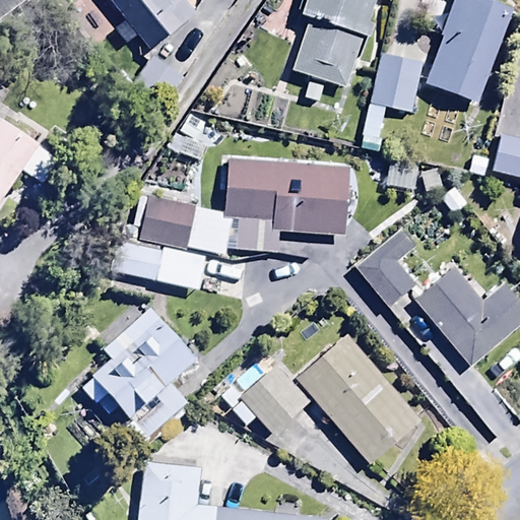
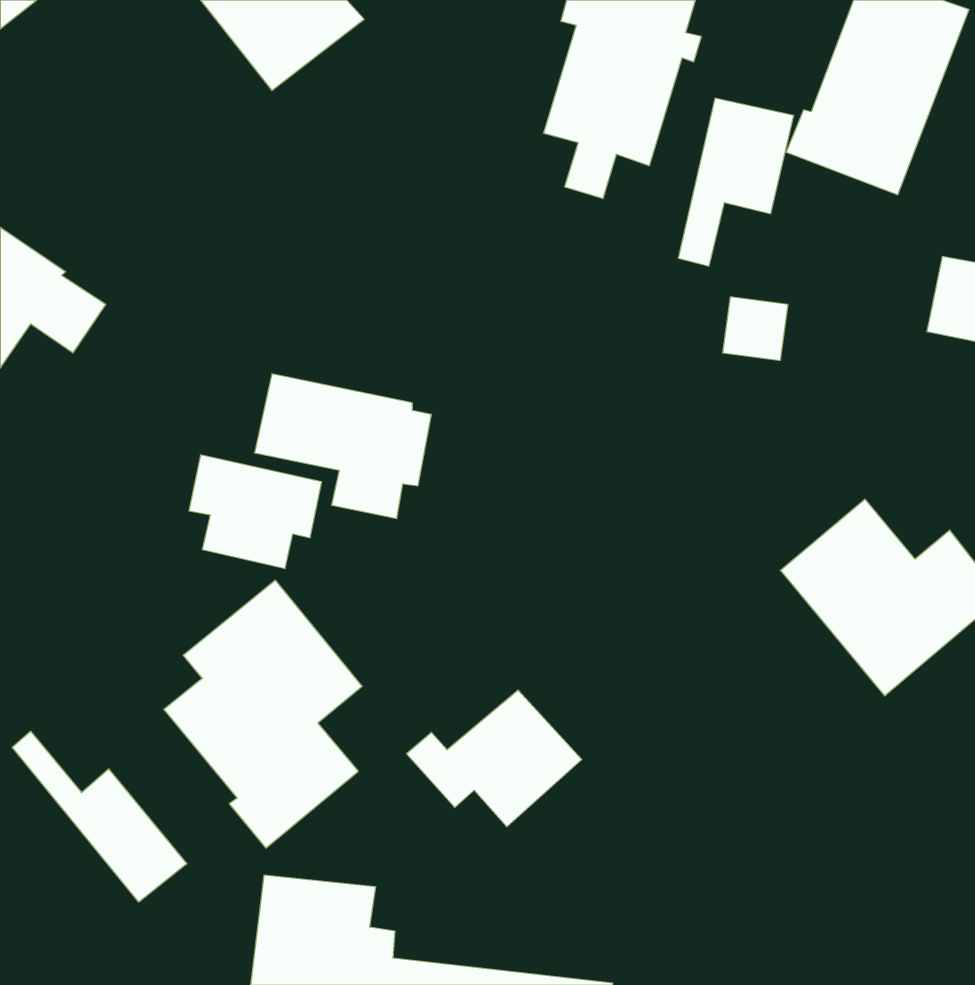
building: [224,157,350,251] -> none
building: [354,228,421,310] -> none
building: [296,333,420,464] -> none
building: none -> [12,731,187,902]

